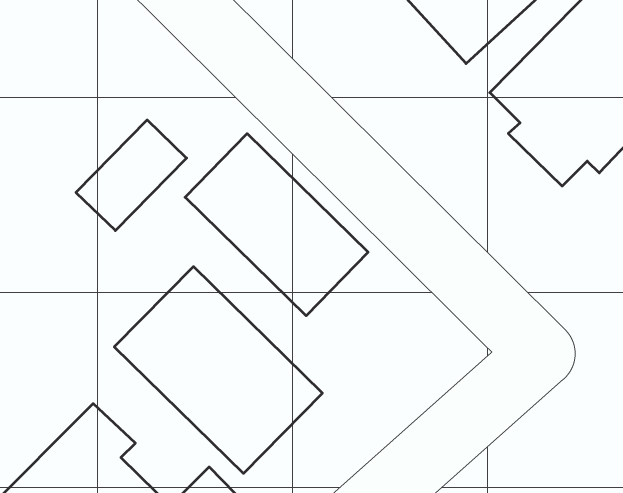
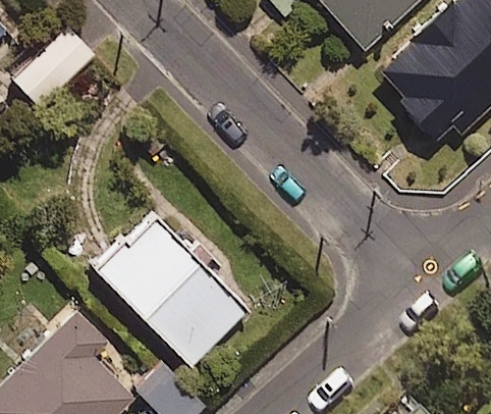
building: [76,120,187,231] -> [12,23,98,109]
building: [185,134,368,316] -> none

